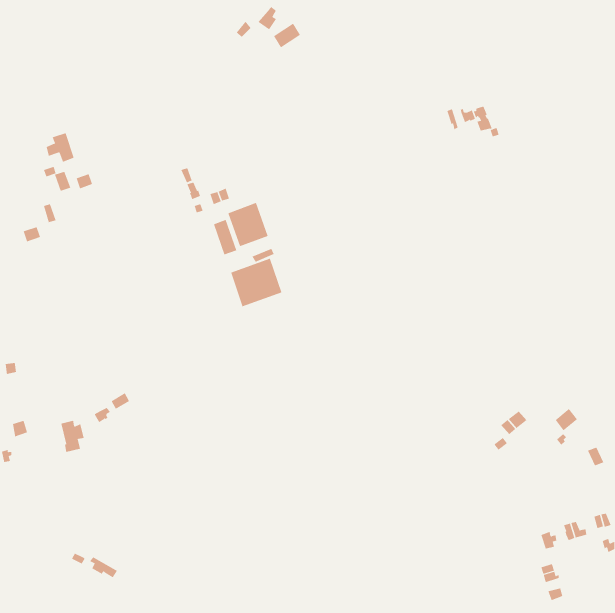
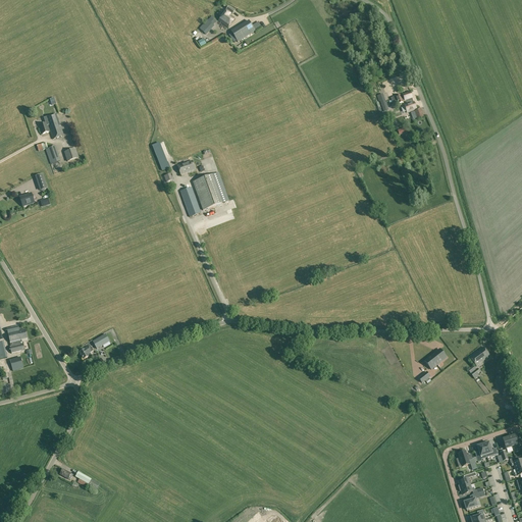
building: [230,258,282,307] -> none
building: [61,420,85,453] -> [7,324,28,352]

